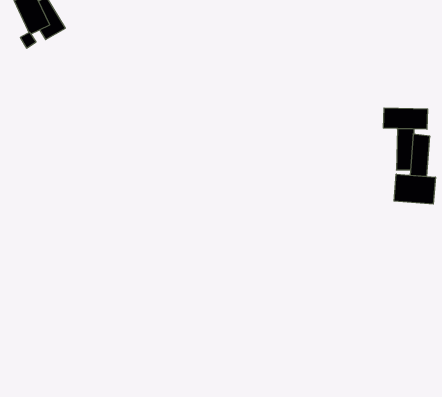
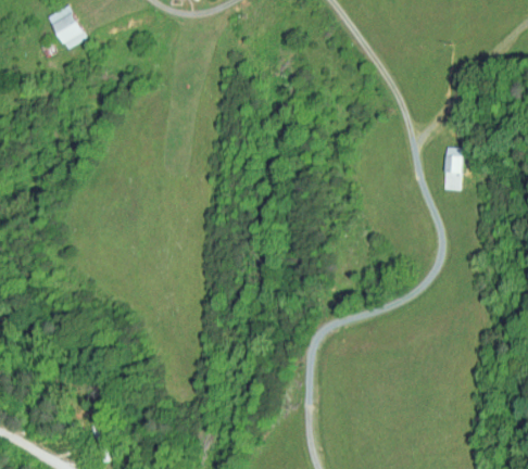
building: [383,108,428,129] -> none
building: [394,174,435,204] -> none

